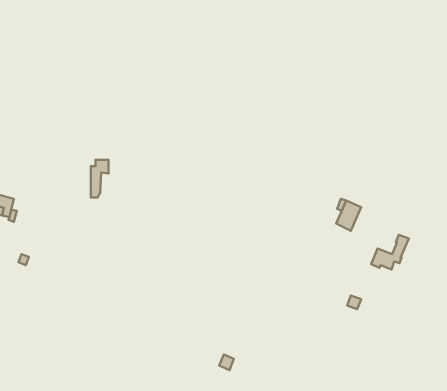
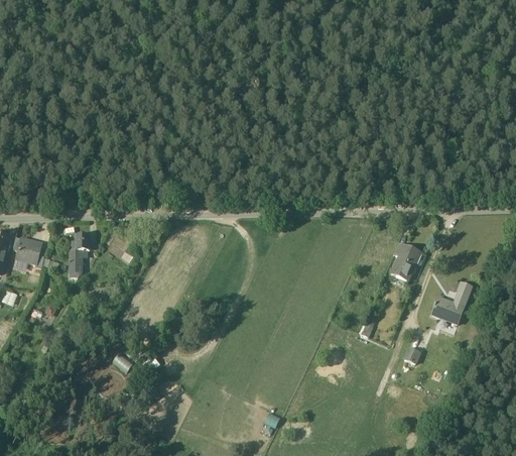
building: [91,160,108,197] -> [70,235,89,276]

